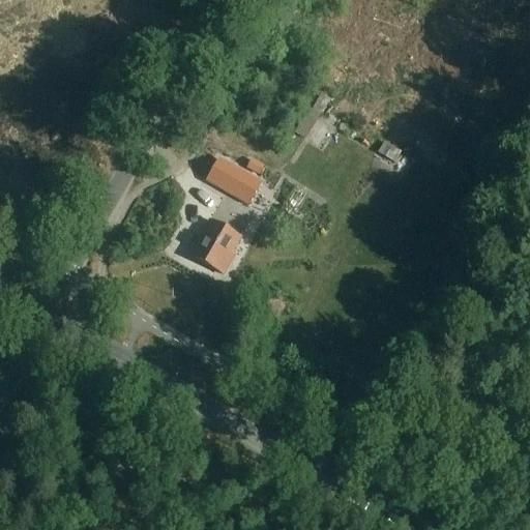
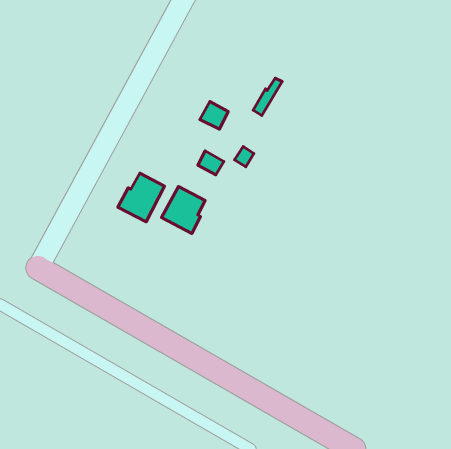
building: [208,157,241,189] -> [200,102,228,129]
building: none -> [118,173,165,222]

